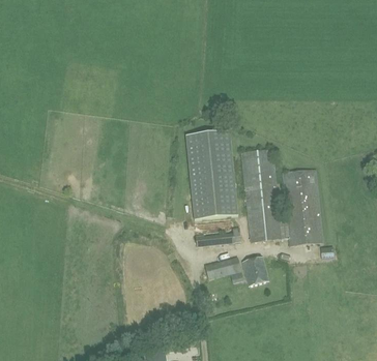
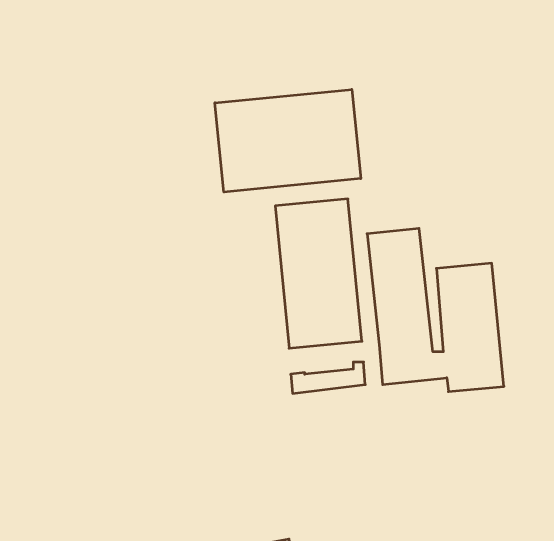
building: none -> [215,89,361,192]
building: [204,257,267,285] -> none

